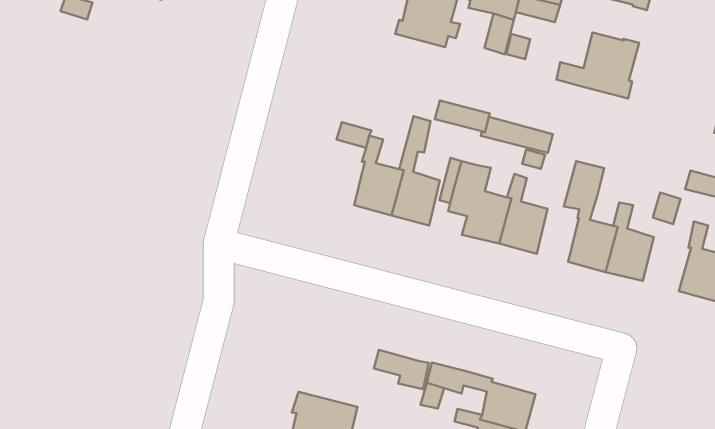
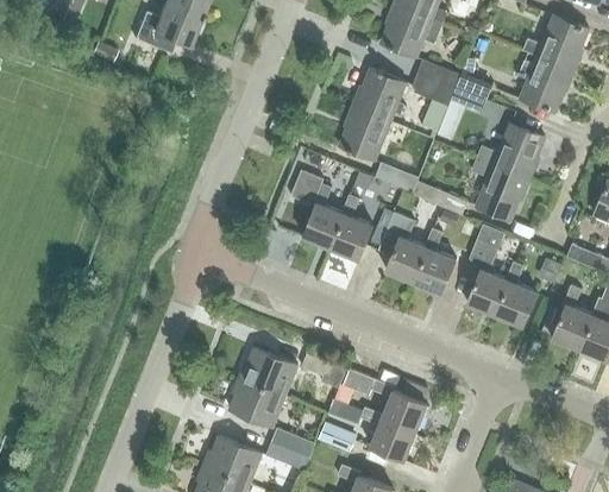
building: none -> [339,105,390,159]
building: none -> [470,157,529,220]
building: none -> [239,347,297,395]

